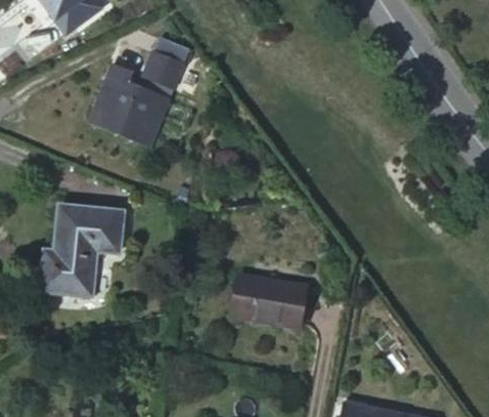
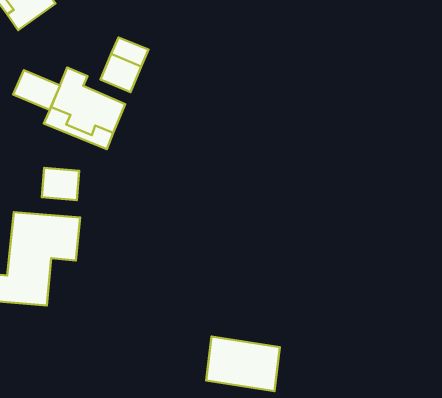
building: none -> [13,70,60,110]
building: none -> [42,168,79,200]
building: [233,275,304,327] -> [206,337,280,391]

